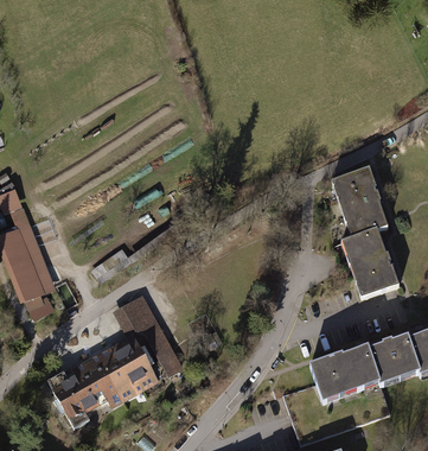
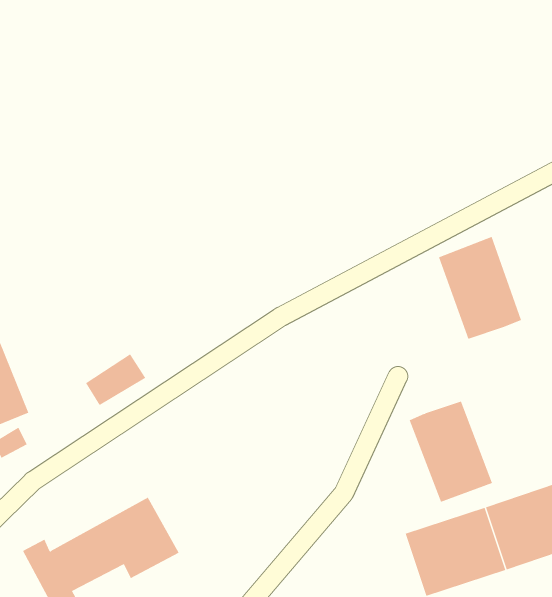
building: [339,227,396,296] -> [409,401,493,502]
building: [111,293,181,374] -> none

